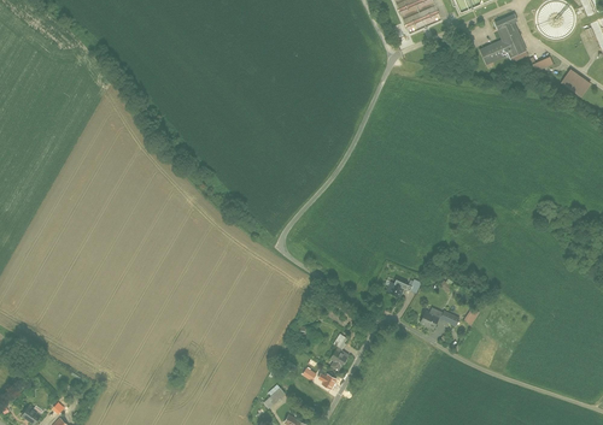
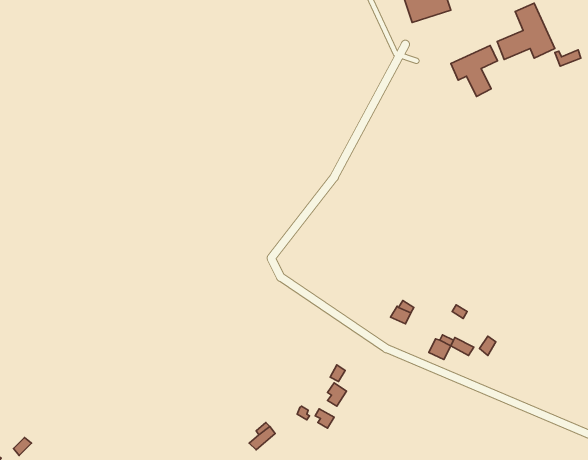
building: none -> [451,46,497,96]

